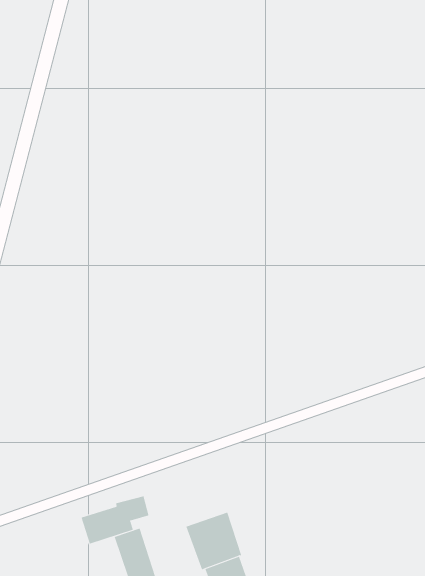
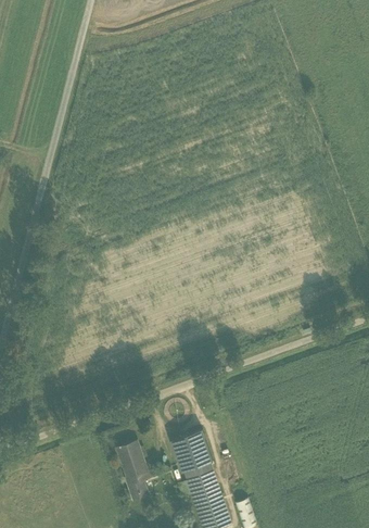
building: [81,495,149,544] -> none

